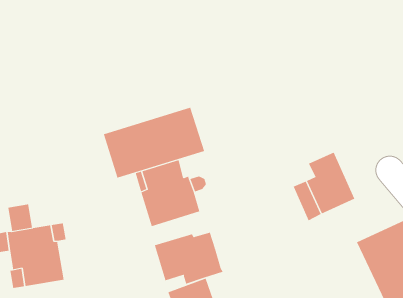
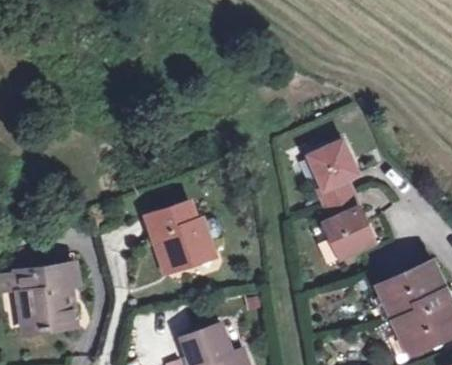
building: none -> [309,139,359,204]
building: [103,107,205,178] -> none
building: [154,232,223,284] -> none

